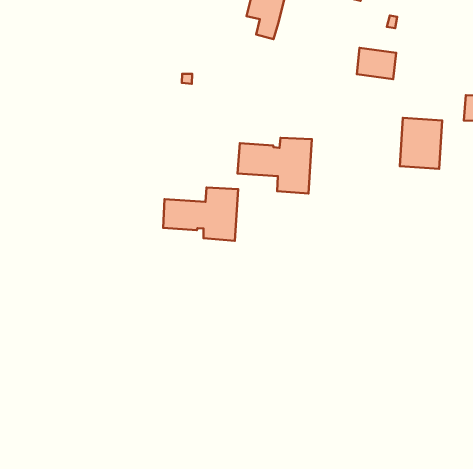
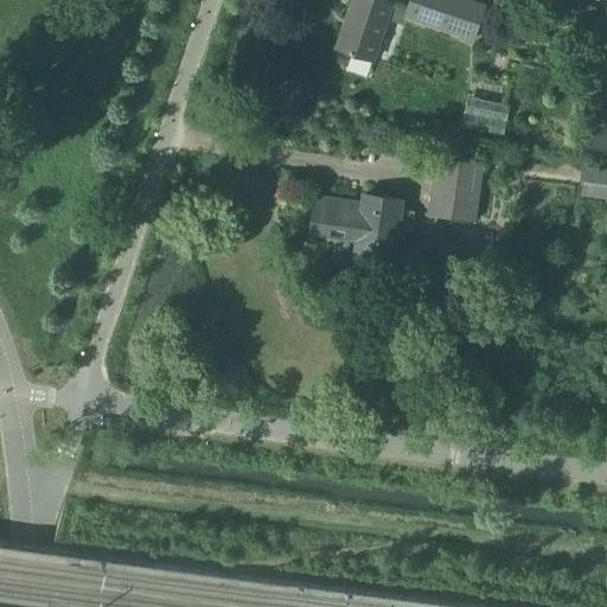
building: [400,118,442,169] -> [429,156,484,221]
building: [163,188,238,241] -> none

